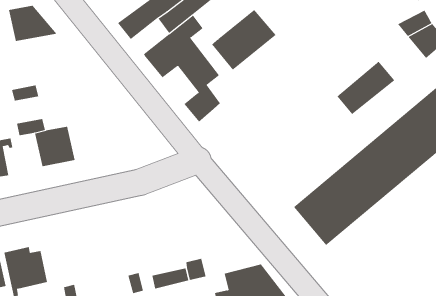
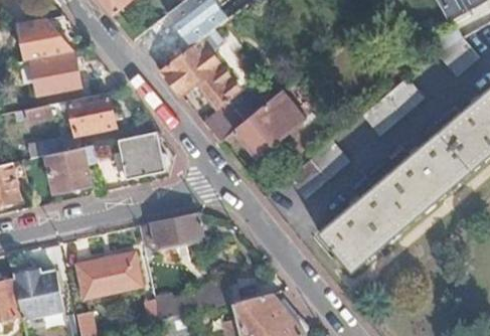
building: [211,9,277,71] -> [234,92,303,156]
building: none -> [33,53,80,92]
building: none -> [69,92,114,133]
building: none -> [118,132,164,177]
building: none -> [288,141,349,196]
building: none -> [139,212,202,247]
building: none -> [76,253,142,298]

